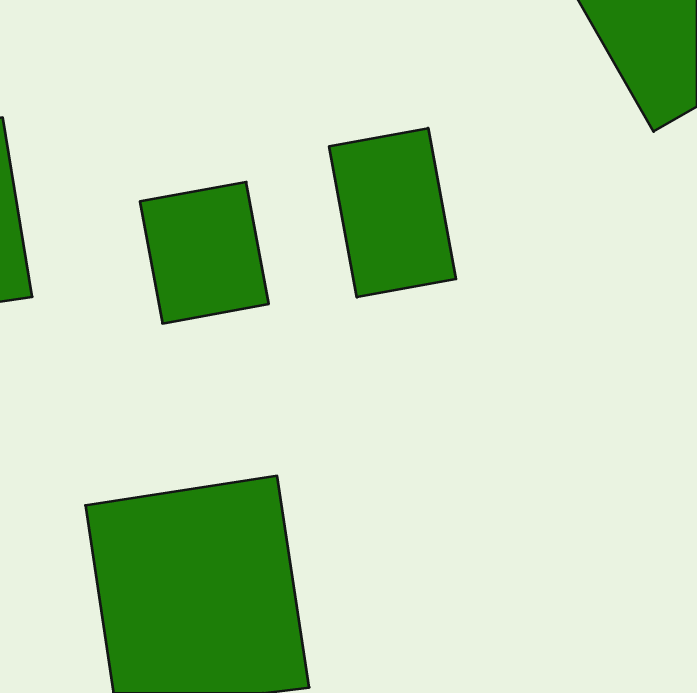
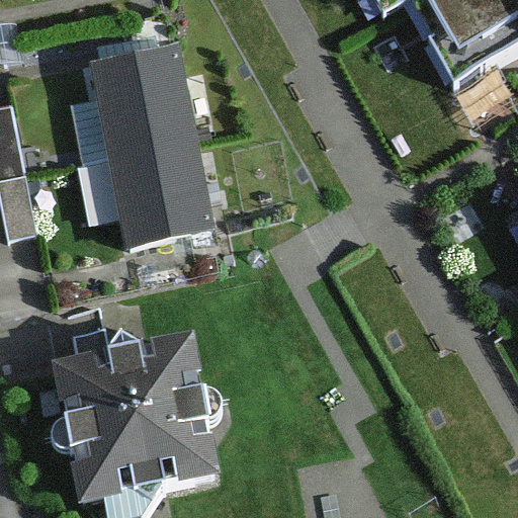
building: none -> [85,44,178,146]
building: [329,128,456,297] -> none

